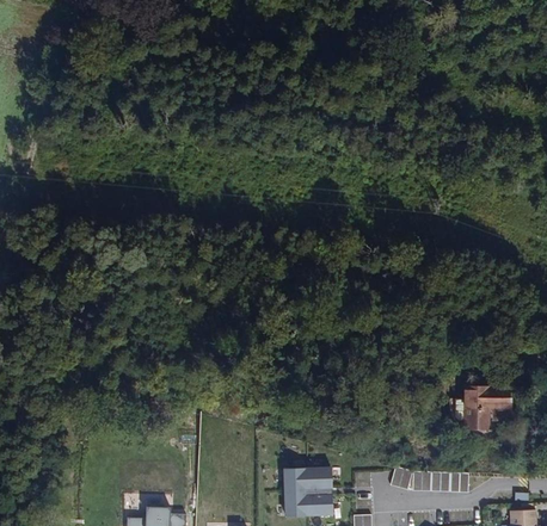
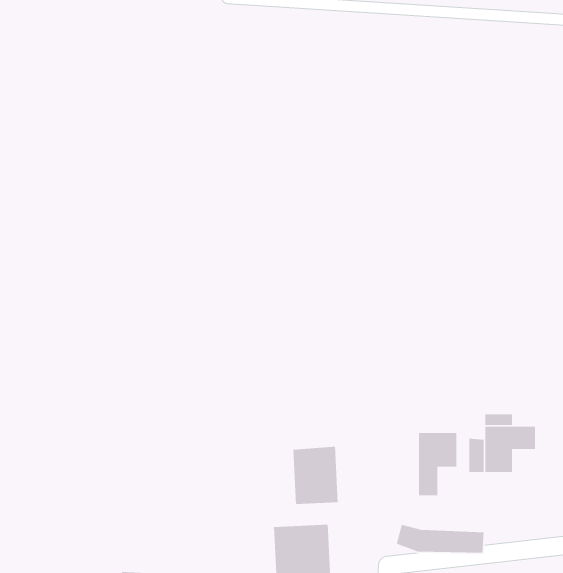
building: none -> [418,432,457,496]
building: none -> [292,446,339,505]

